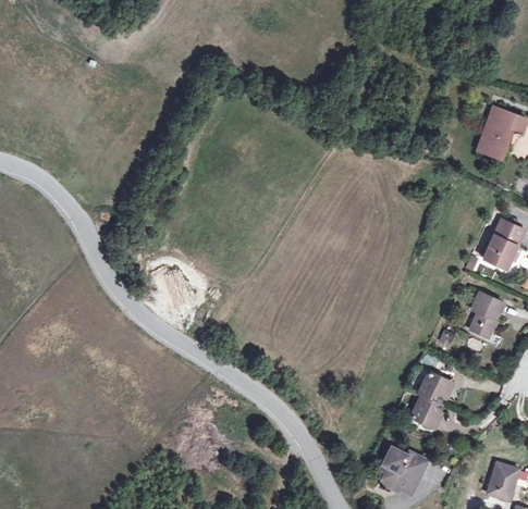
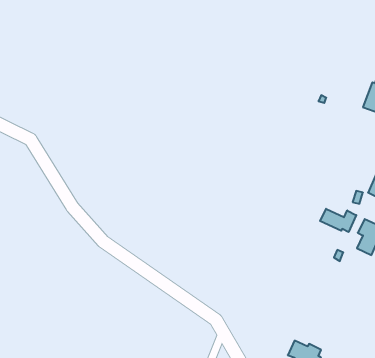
building: none -> [320,209,356,232]
building: [412,372,450,426] -> none

